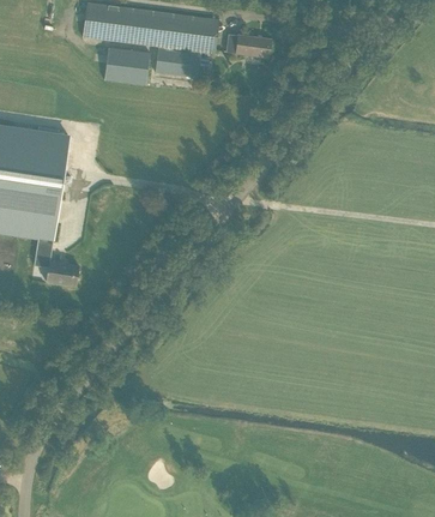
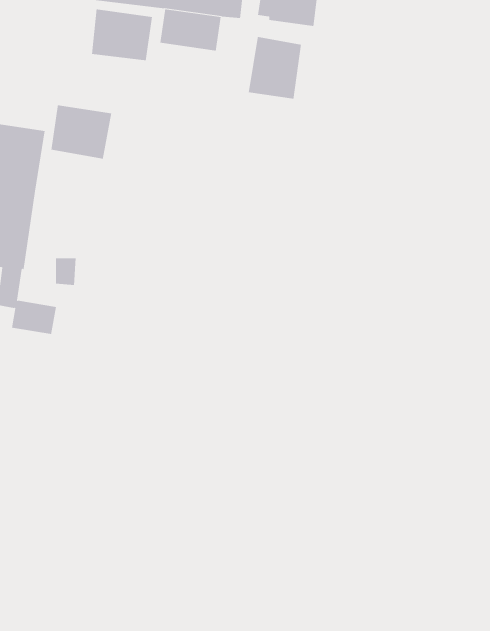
building: none -> [248,36,302,99]
building: none -> [51,105,112,160]

